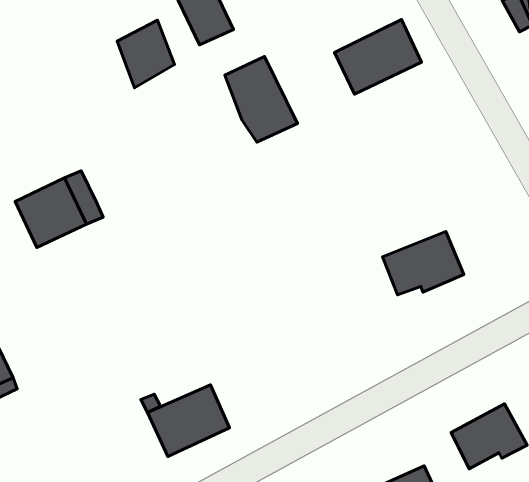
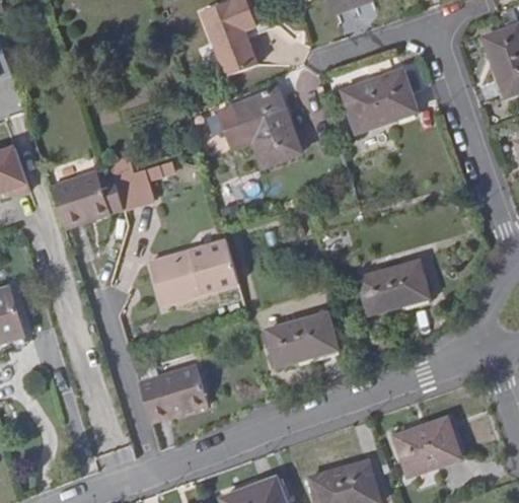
building: [117,20,175,88] -> [207,101,253,157]
building: none -> [106,153,161,209]
building: none -> [147,236,237,303]
building: none -> [270,313,333,363]

